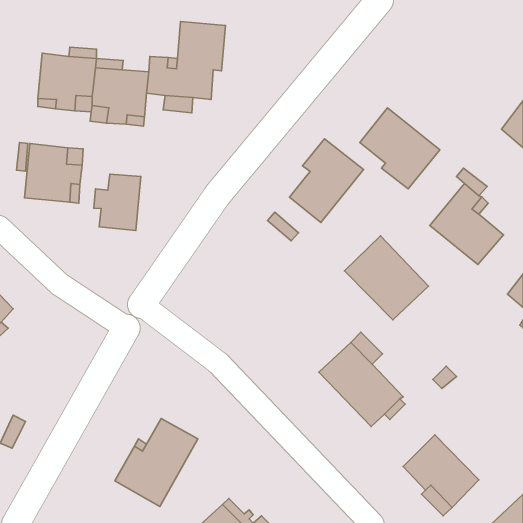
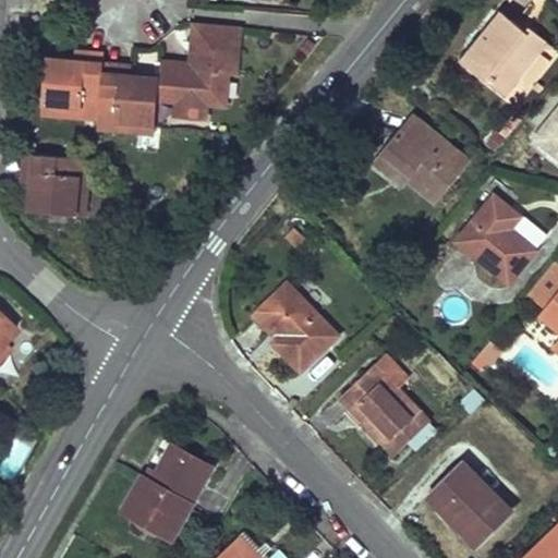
building: none -> [460,11,547,97]
building: [289,139,363,223] -> none
building: [94,174,141,230] -> none
building: [345,236,429,320] -> [248,282,338,372]

